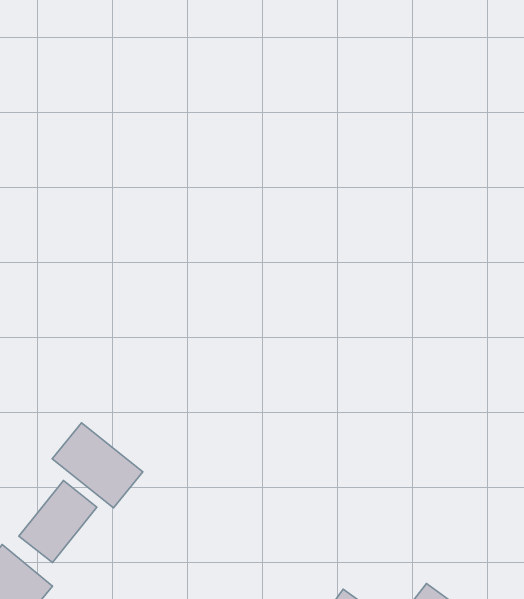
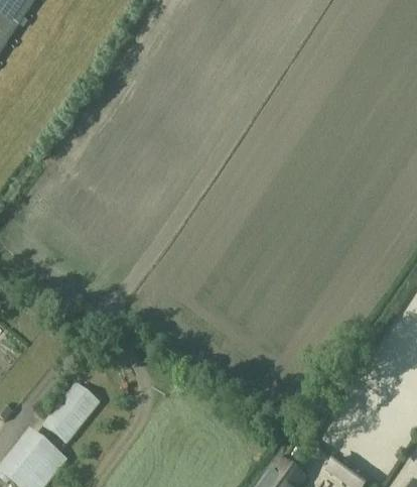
building: [52,423,143,508] -> none

